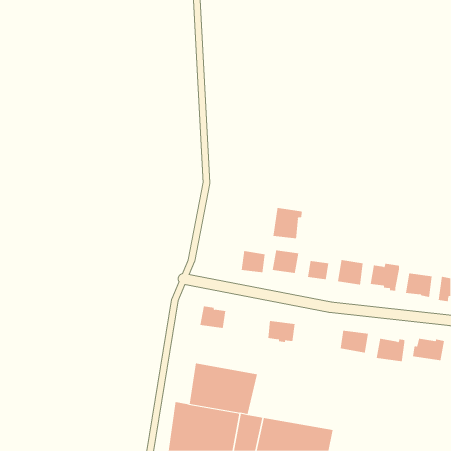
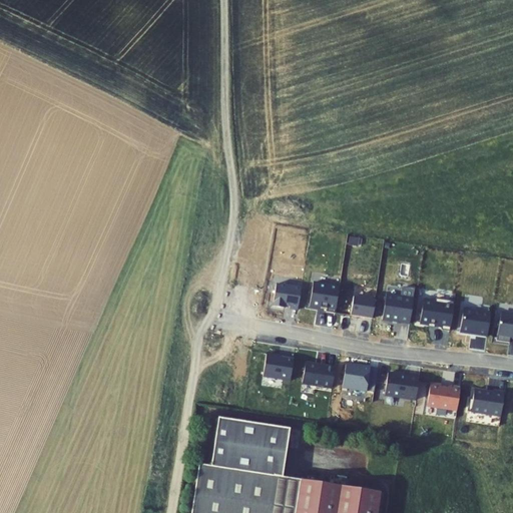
building: [273,207,303,239] -> none
building: [200,306,226,329] -> [263,355,293,381]
building: none -> [343,365,370,392]

